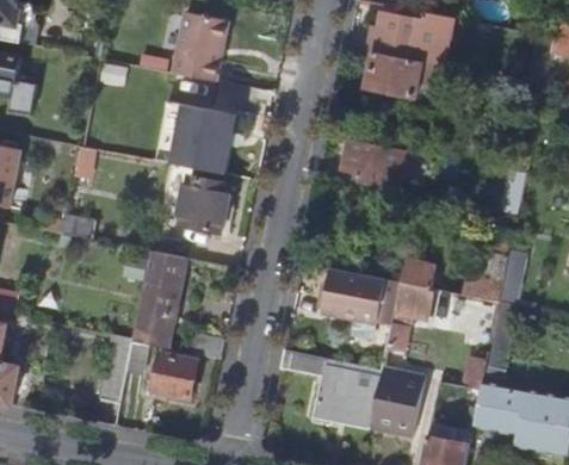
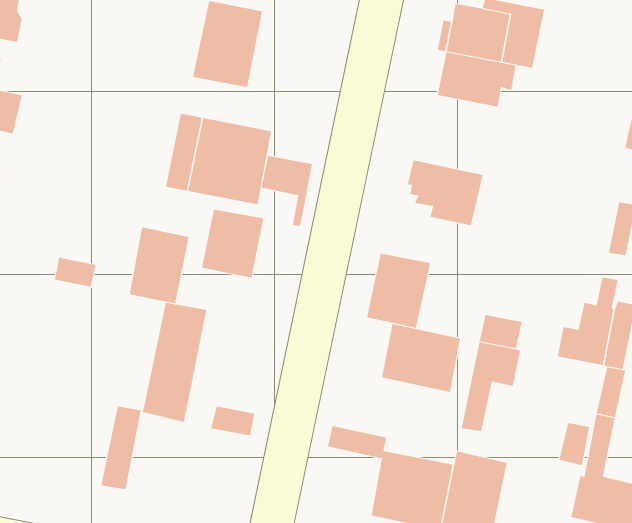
building: none -> [261,155,313,226]
building: none -> [129,227,189,304]
building: none -> [366,253,431,329]
building: [151,353,198,398] -> none

